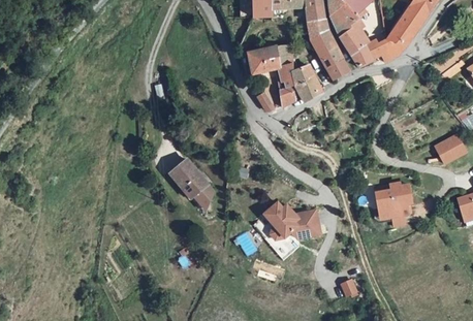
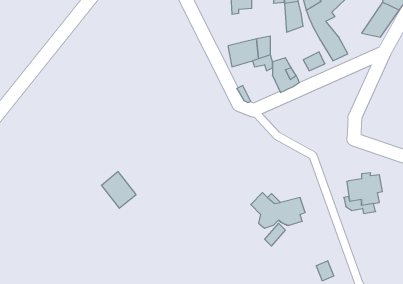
building: [351,22,408,63] -> none
building: [310,31,344,66] -> none
building: [277,71,295,106] -> none
building: [170,162,207,200] -> [101,172,136,208]

